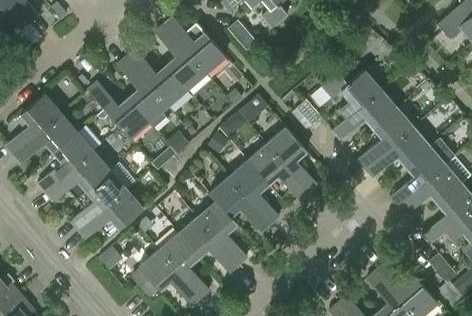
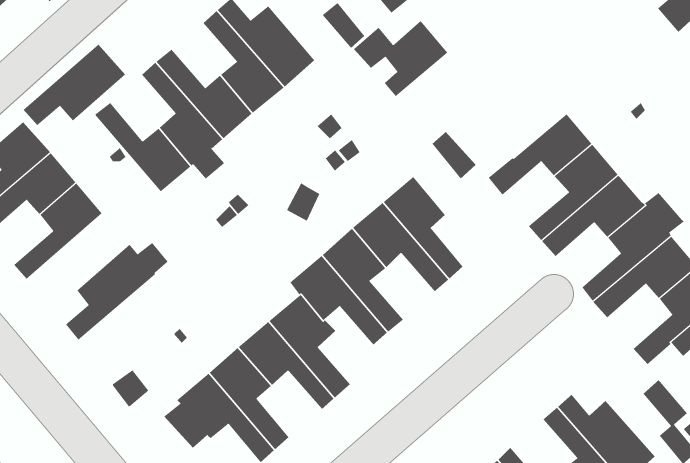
building: [322,69,381,117] -> [353,20,448,98]
building: [46,151,110,202] -> [23,44,126,126]
building: [78,189,143,239] -> none

